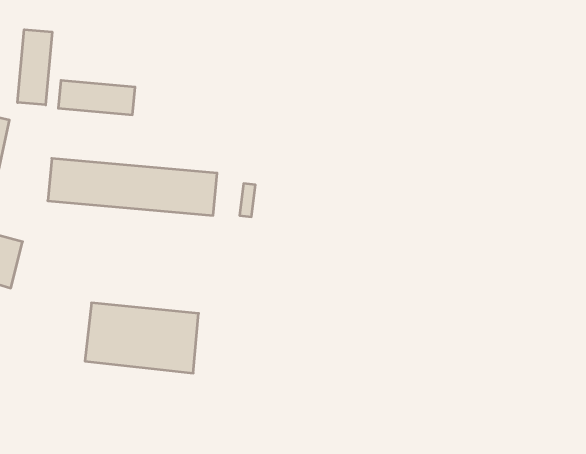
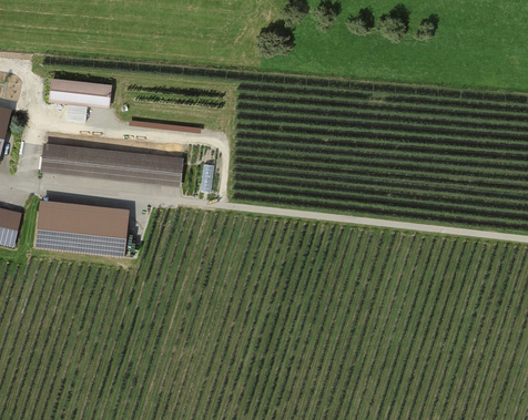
building: [18,30,52,105] -> none
building: [85,303,199,373] -> [33,199,129,258]

